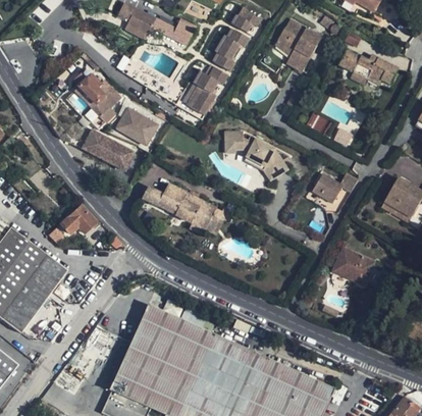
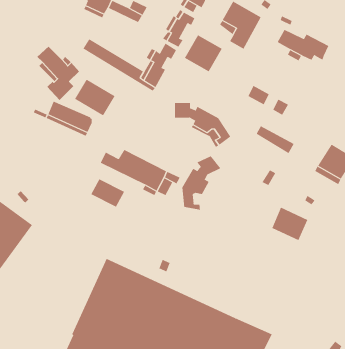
building: none -> [184,34,222,72]
building: [314,174,342,202] -> none
building: none -> [182,155,221,210]
building: [60,205,97,235] -> none
building: none -> [90,179,125,207]

